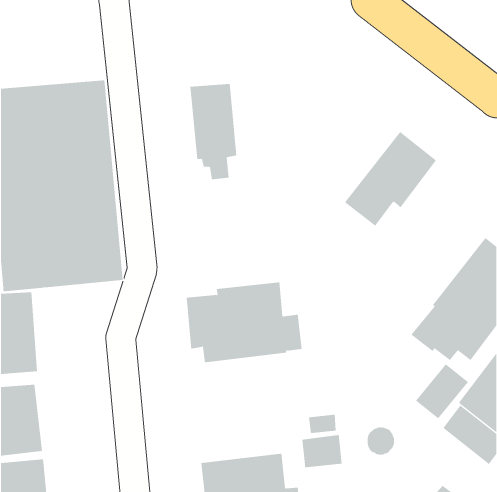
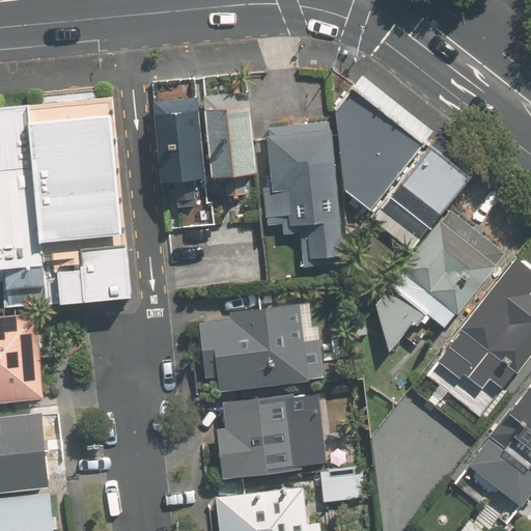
building: none -> [335,85,421,208]
building: none -> [156,99,205,207]
building: none -> [261,123,342,269]
building: none -> [375,212,502,352]
building: none -> [216,395,314,479]

